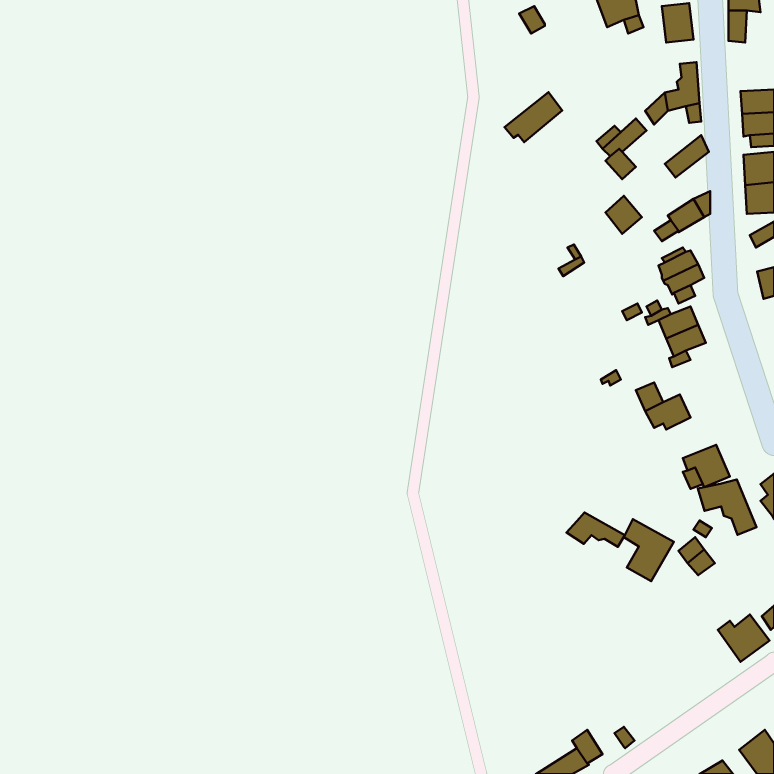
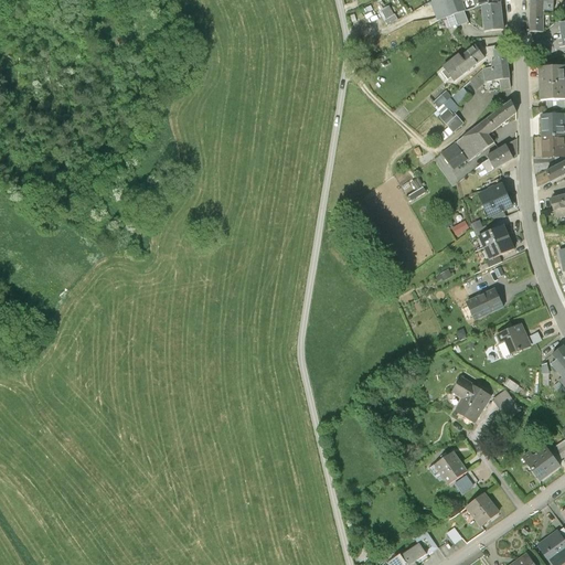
building: [504,92,562,142] -> [440,44,482,81]
building: none -> [454,119,493,161]
building: [698,480,756,535] -> none
building: [567,513,625,547] -> none
building: none -> [436,452,467,484]
building: none -> [467,494,498,525]

